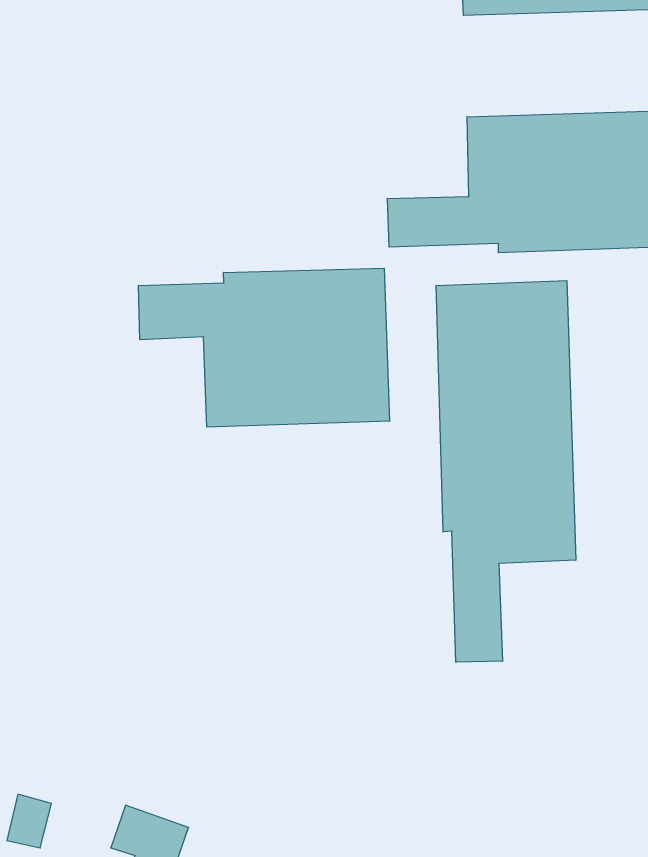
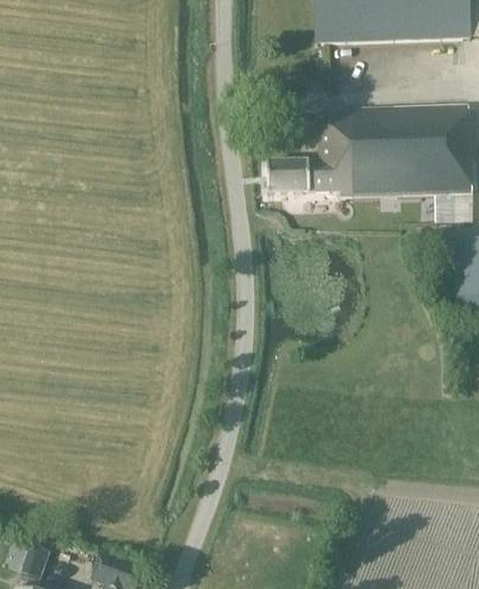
building: [138,268,390,427] -> none
building: [436,281,576,662] -> none

